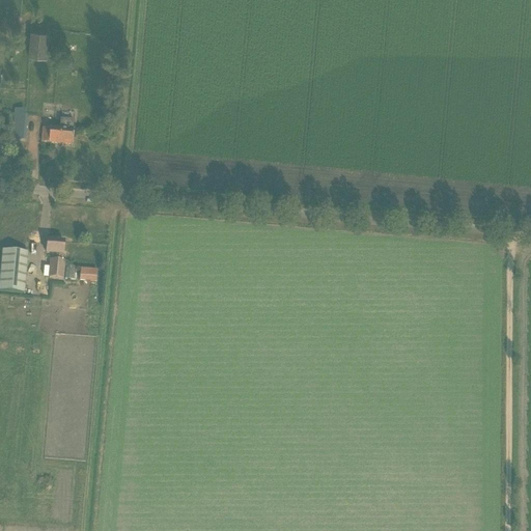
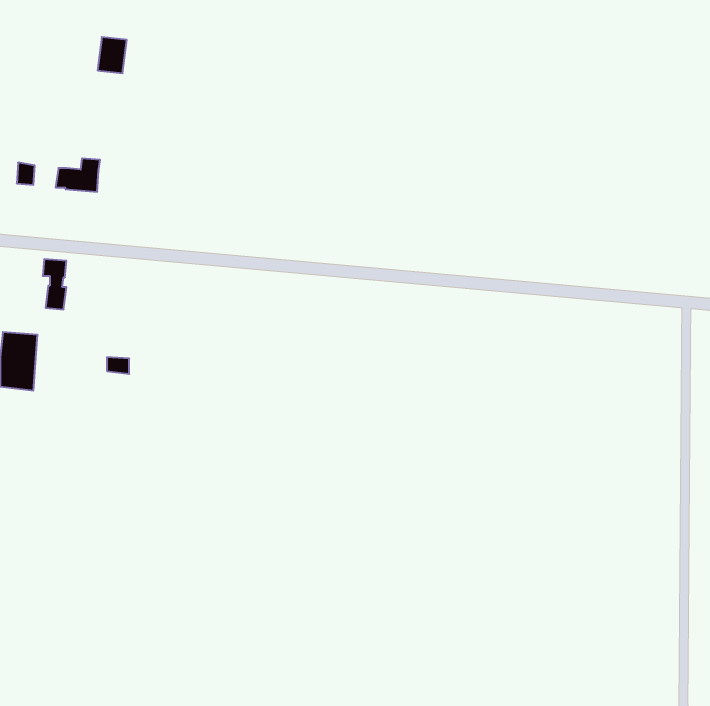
building: [28,28,50,55] -> [98,37,127,73]
building: [47,239,64,276] -> [43,259,66,309]

